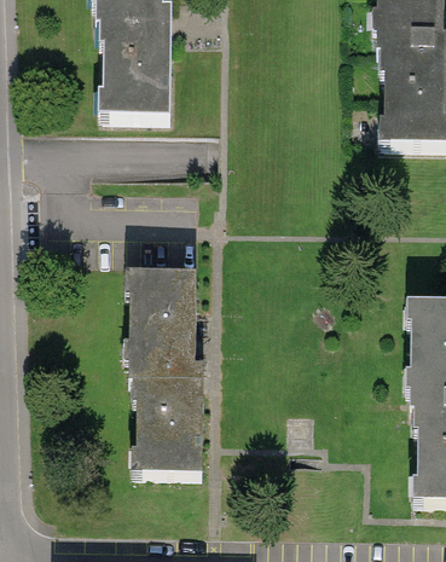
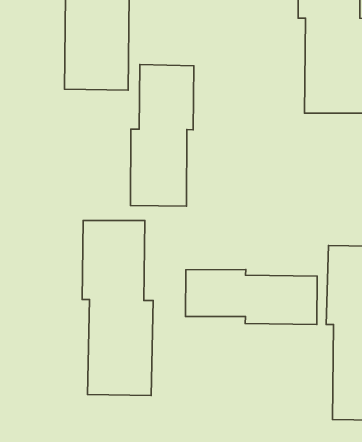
building: none -> [131,65,194,206]
building: none -> [186,270,317,325]

